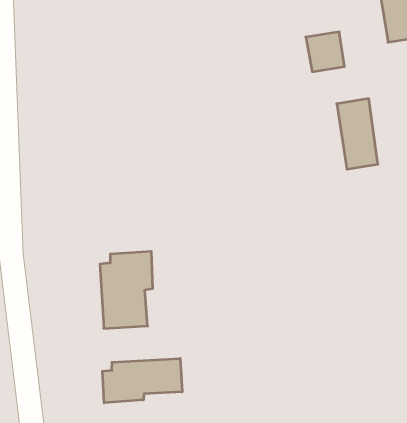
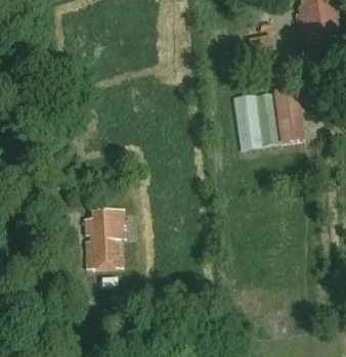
building: none -> [229,91,272,149]
building: [102,358,182,403] -> none

